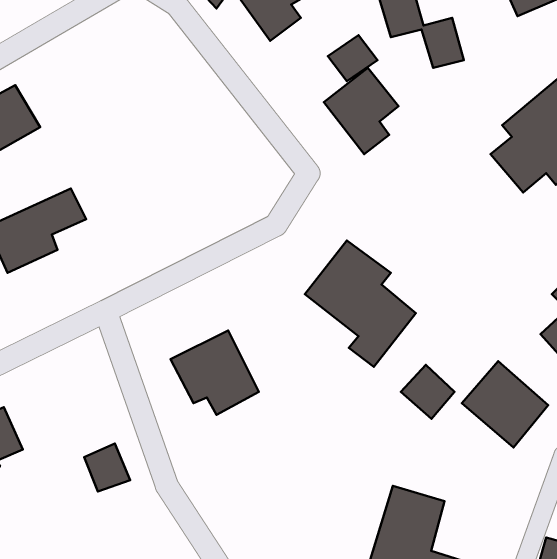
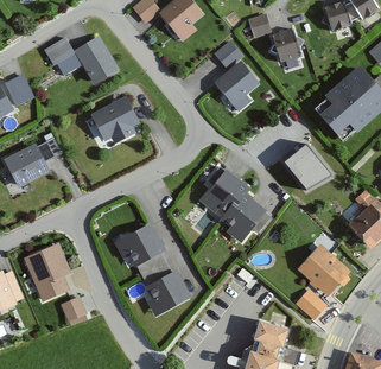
building: none -> [44,37,120,88]
building: none -> [88,98,138,147]
building: none -> [286,140,334,184]
building: none -> [28,243,72,298]
building: [401,365,455,419] -> [294,287,328,320]
building: none -> [141,261,191,317]

